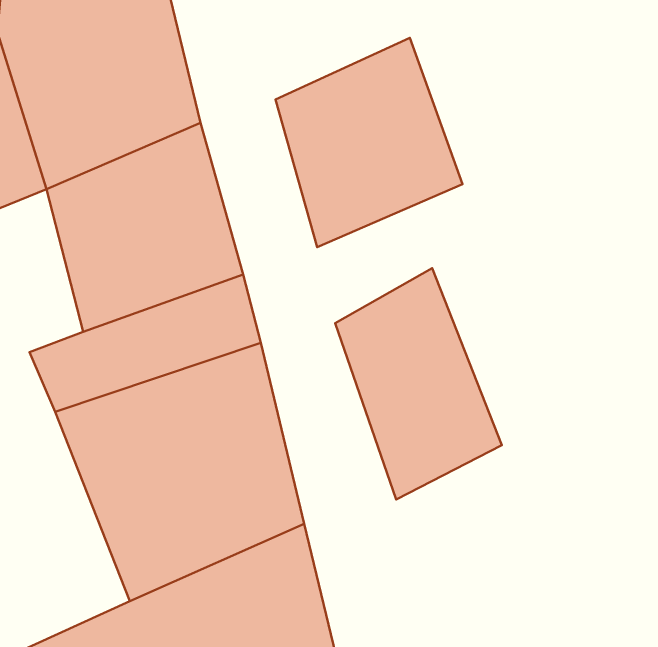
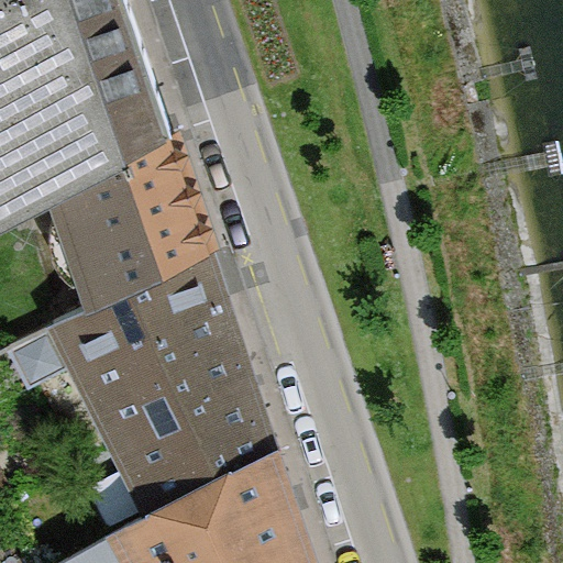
building: [275,38,462,247] -> none
building: [335,268,502,500] -> none

